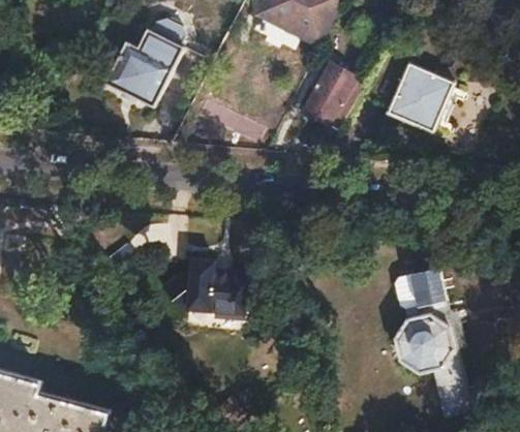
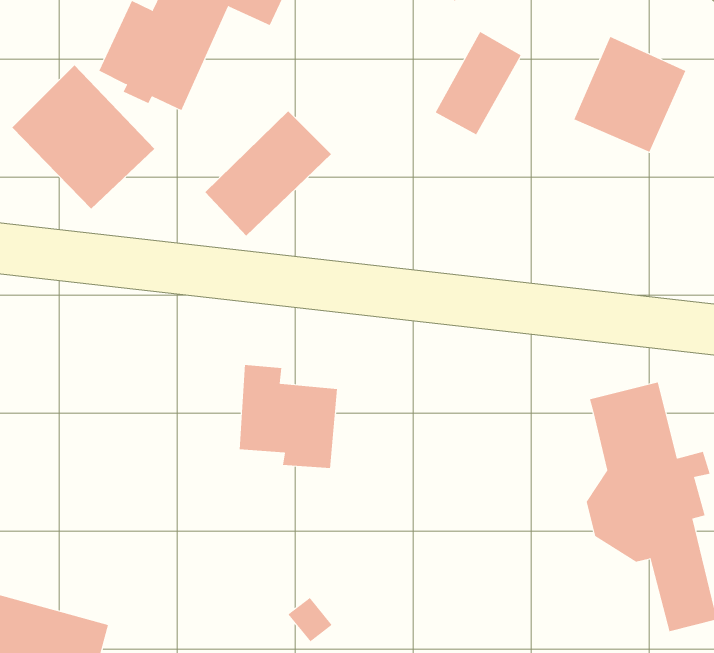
building: none -> [11,65,155,210]
building: none -> [205,110,332,236]

